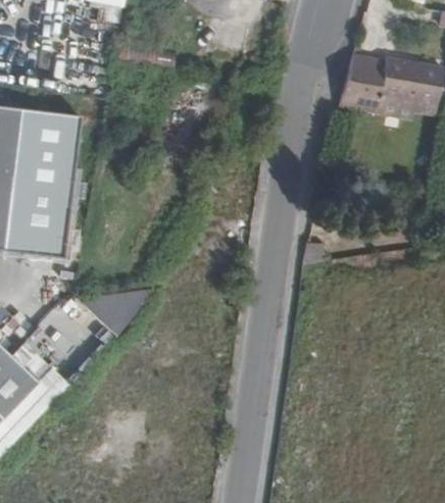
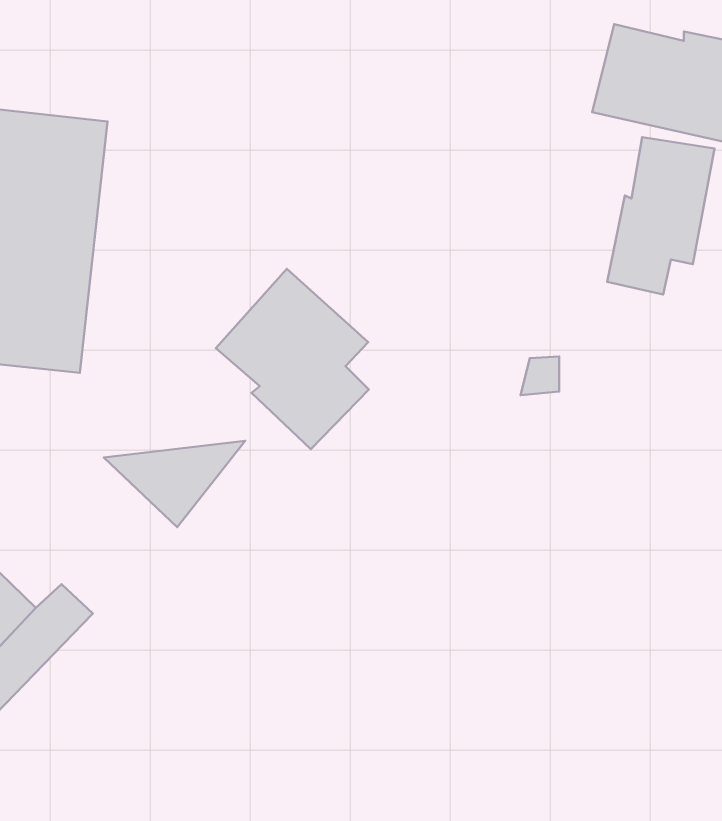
building: none -> [607,137,715,294]
building: none -> [216,269,369,449]

